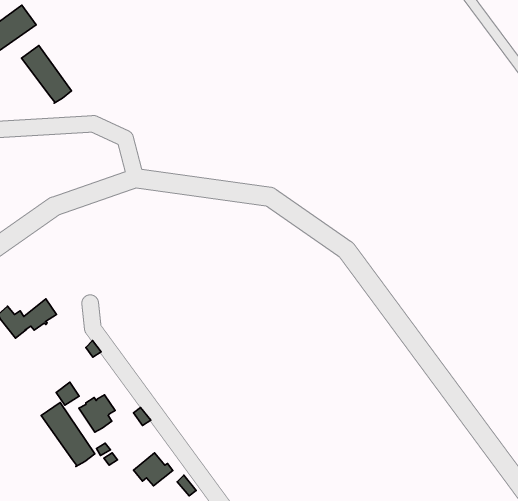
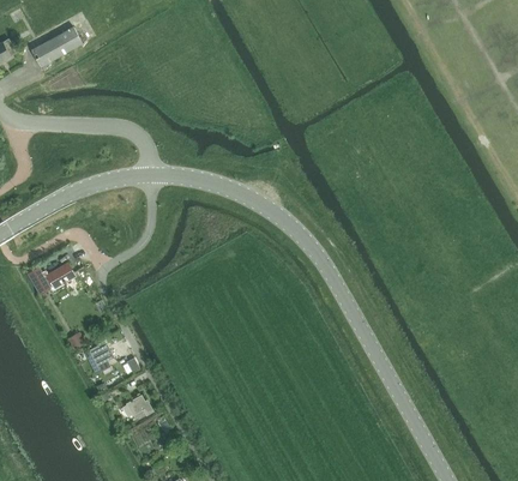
building: [22,46,72,103] -> none
building: [41,403,95,467] -> none

